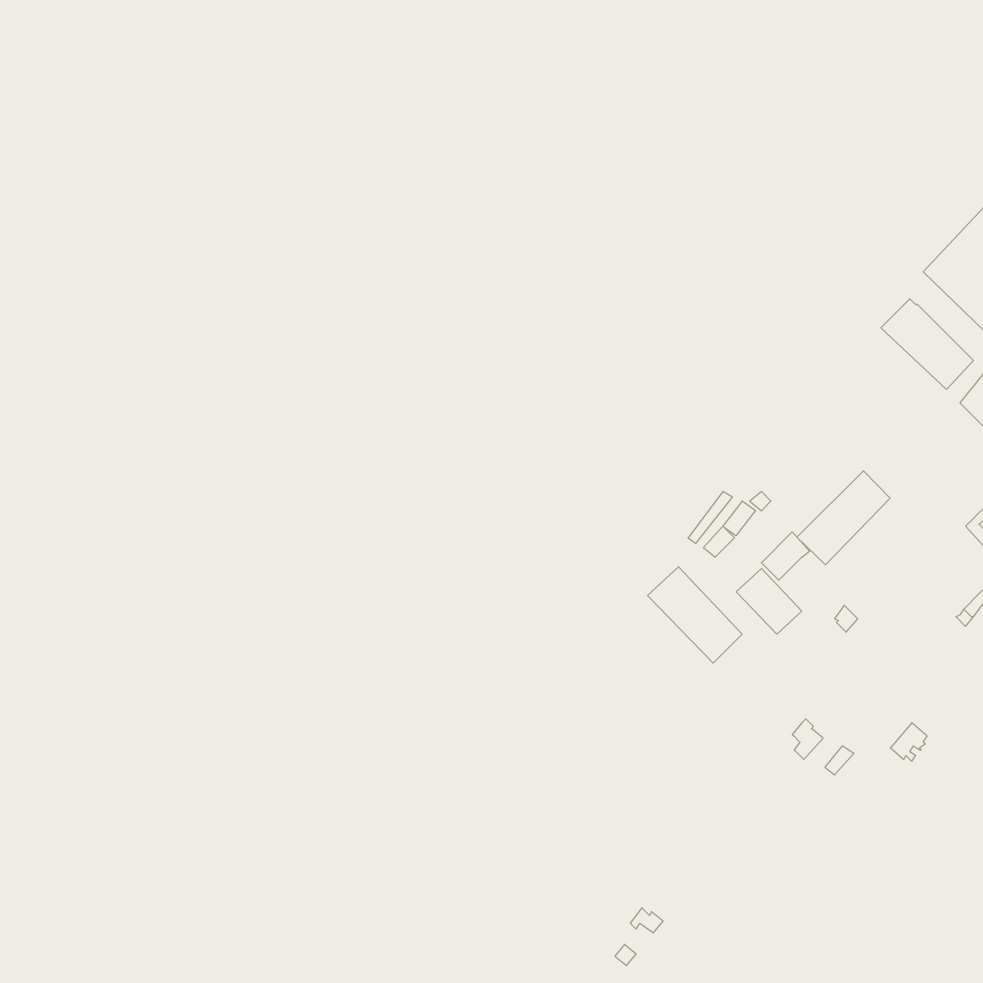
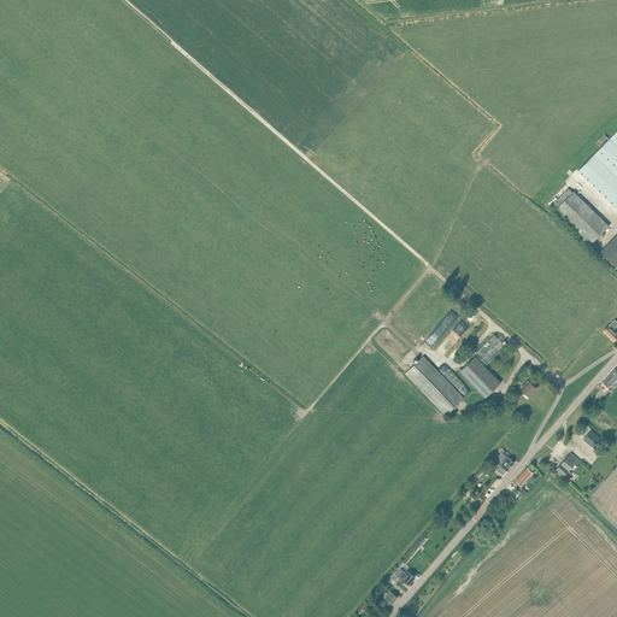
building: [797,471,890,565] -> none

